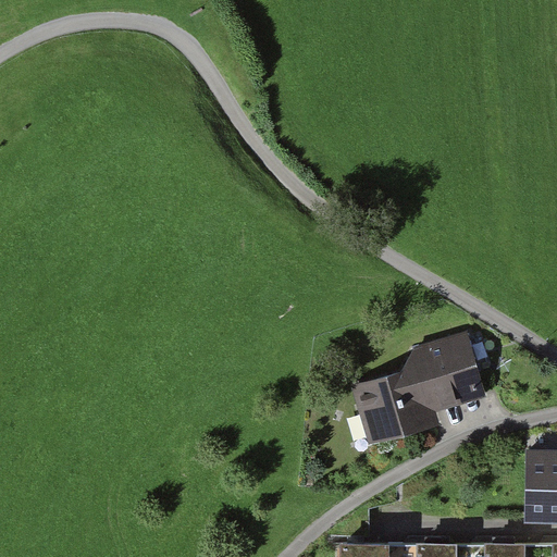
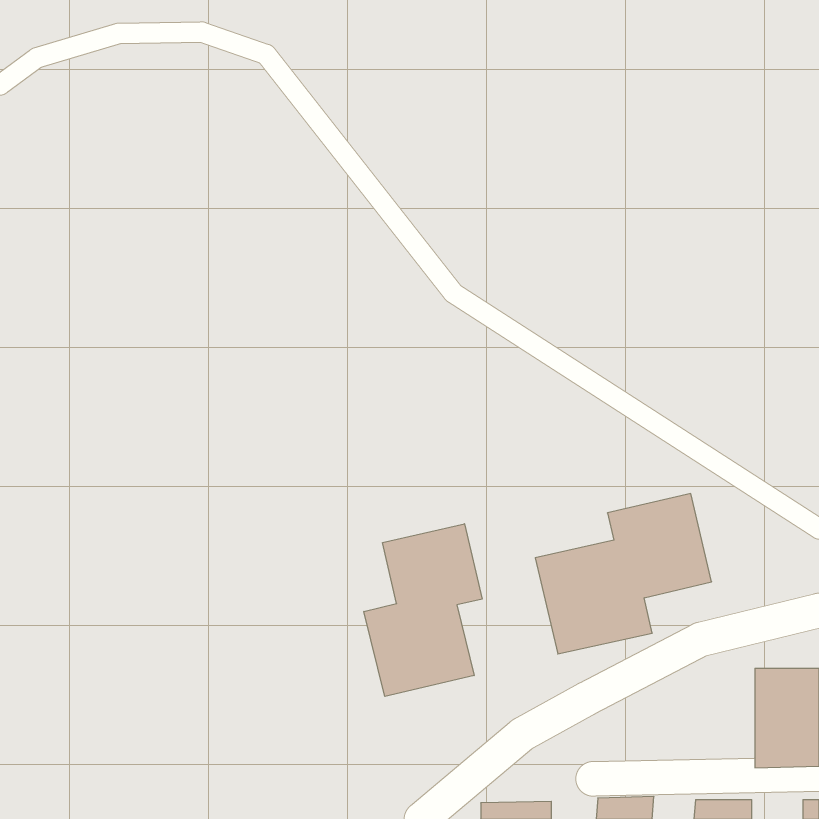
building: none -> [364,524,482,696]

